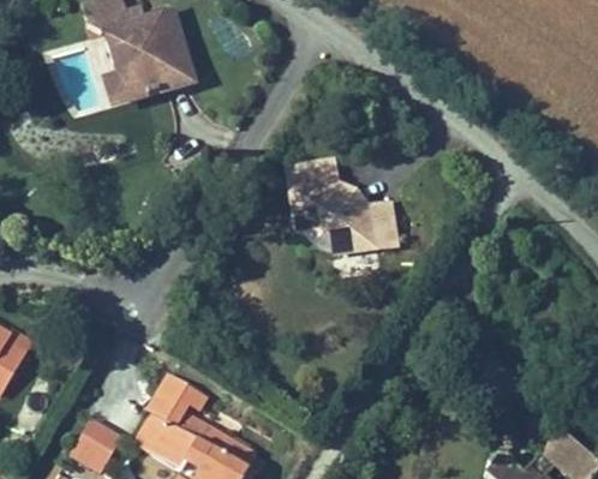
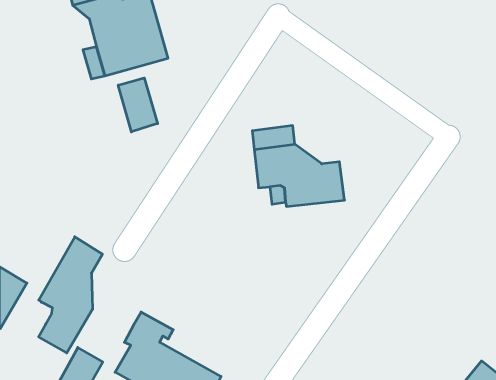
building: none -> [118,78,158,132]
building: none -> [39,237,102,353]

